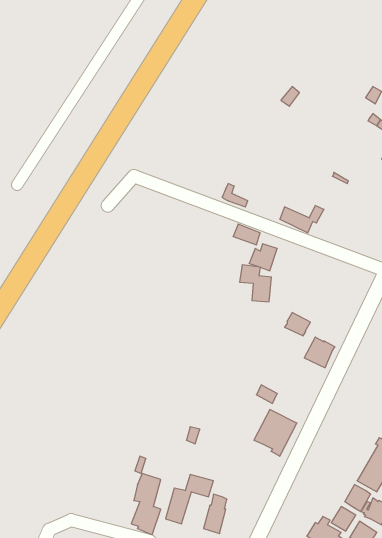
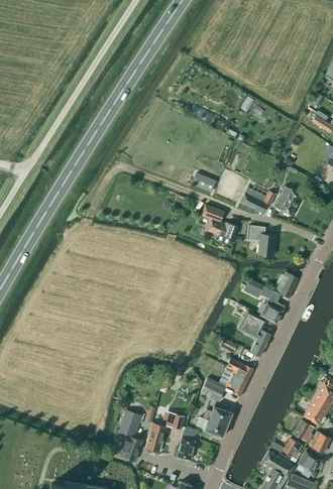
building: none -> [274,187,302,215]
building: [240,265,271,302] -> [248,225,274,255]
building: none -> [272,271,299,298]
building: none -> [238,311,270,356]
building: none -> [200,377,225,402]
building: none -> [201,406,232,438]

